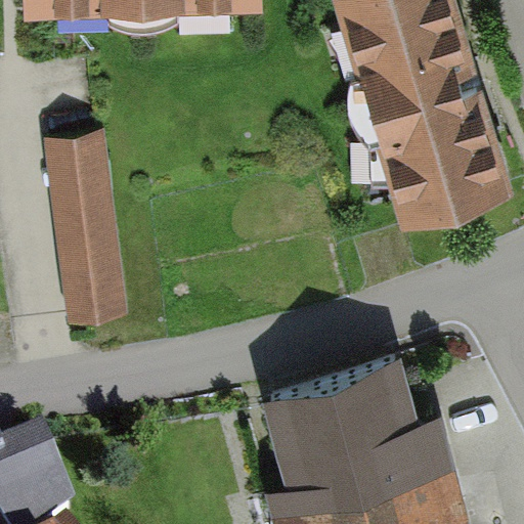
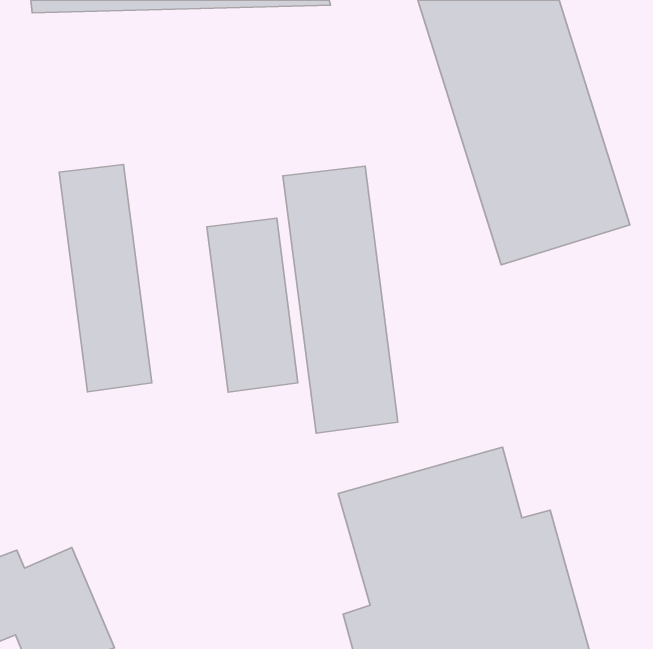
building: none -> [283,166,398,433]
building: none -> [207,218,298,392]

